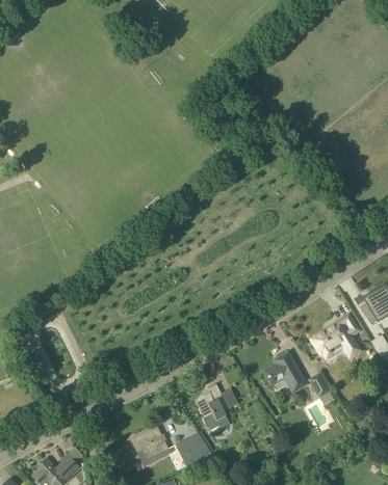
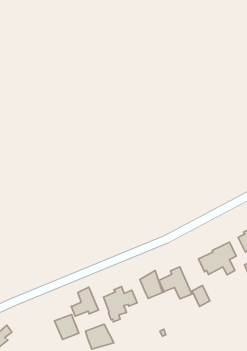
building: none -> [140,270,162,298]
building: none -> [71,287,98,316]

